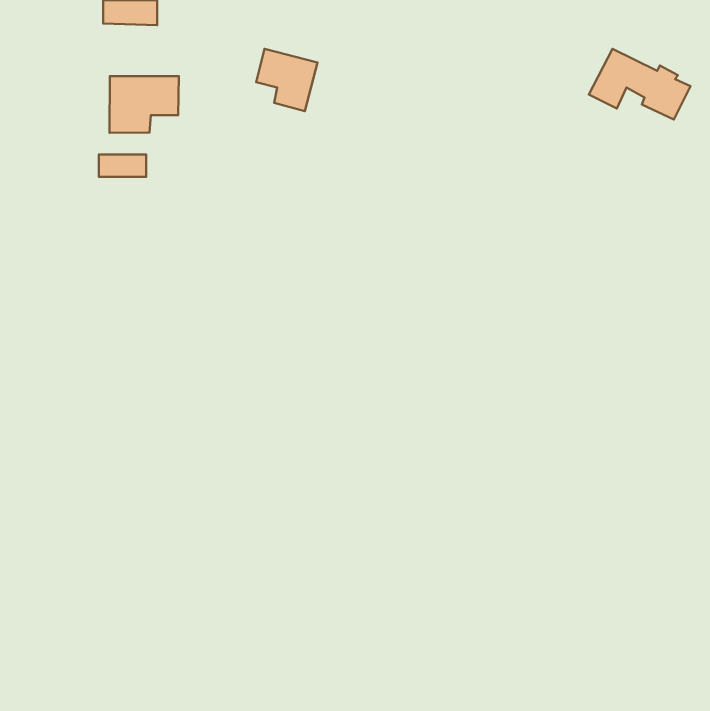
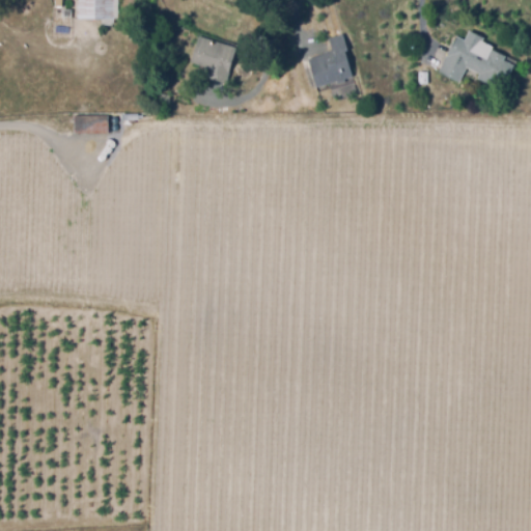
building: none -> [308,34,352,86]
building: [109,76,179,133] -> none

